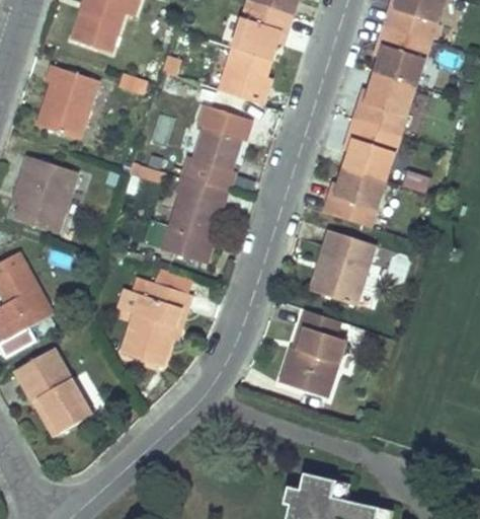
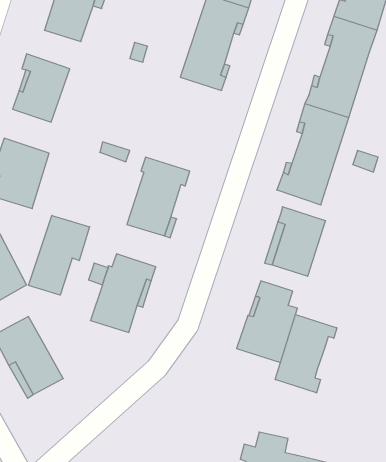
building: [180,104,250,192] -> none
building: none -> [29,215,90,295]
building: none -> [275,314,337,393]

